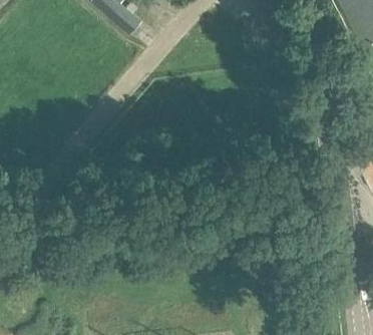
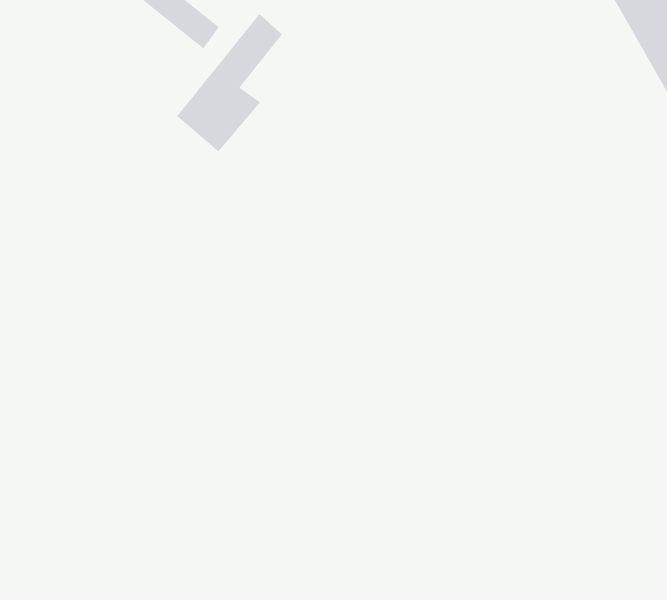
building: none -> [176,13,283,153]

